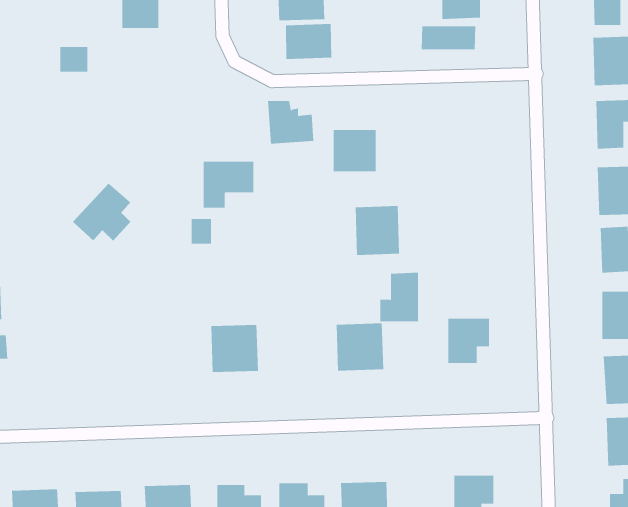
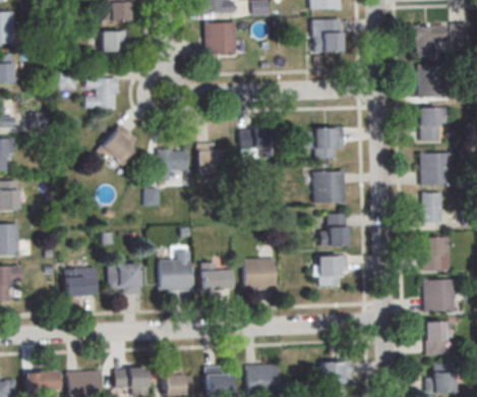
building: [285,23,332,60] -> none
building: [421,26,476,50] -> none
building: none -> [85,73,118,107]
building: [267,100,314,144] -> [197,144,229,173]
building: none -> [308,127,342,157]
building: [72,183,131,242] -> [97,124,136,164]
building: [355,206,400,255] -> [313,170,344,204]
building: [380,272,419,322] -> [320,213,347,246]
building: none -> [106,262,139,294]
building: none -> [201,263,235,289]
building: none -> [64,269,97,296]

